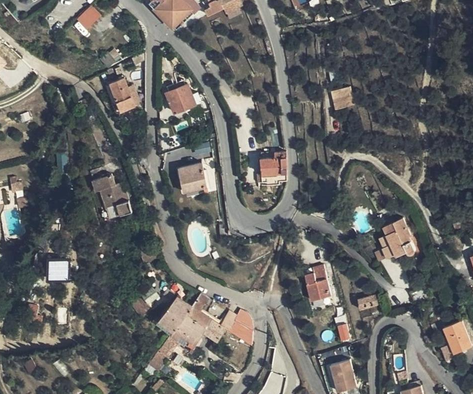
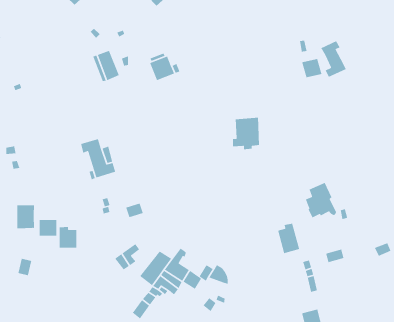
building: none -> [320,40,347,78]
building: [178,164,205,192] -> none
building: [380,218,415,258] -> [305,182,337,219]
building: none -> [16,204,35,229]
building: none -> [59,226,77,248]

